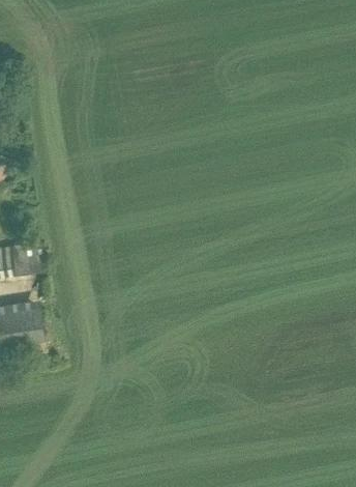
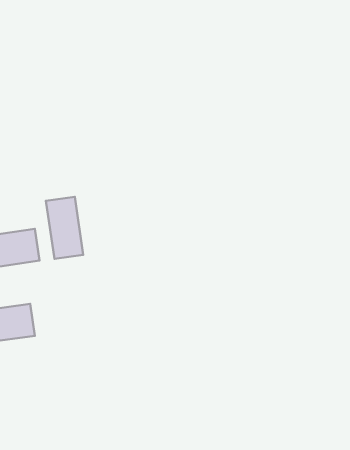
building: none -> [46,197,83,259]

